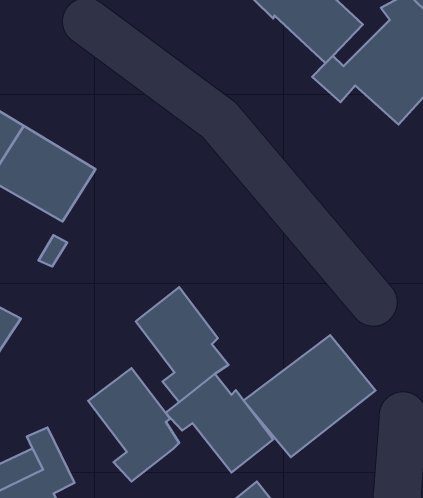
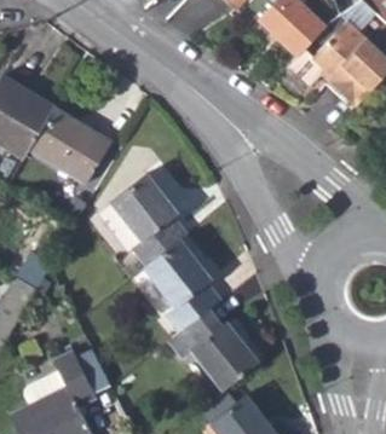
building: [244,335,376,457] -> none
building: [88,368,179,482] -> [111,173,185,265]

